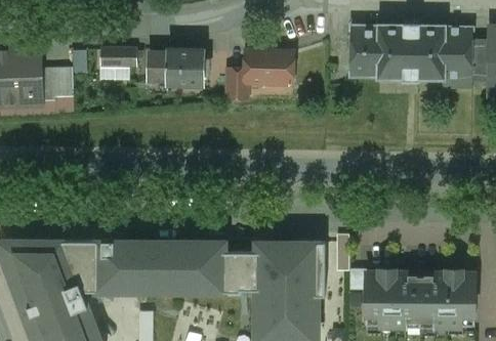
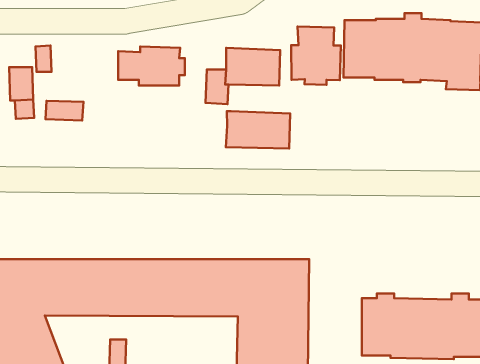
building: none -> [291,26,341,85]
building: [101,49,135,67] -> [45,101,83,120]
building: none -> [226,111,290,149]

